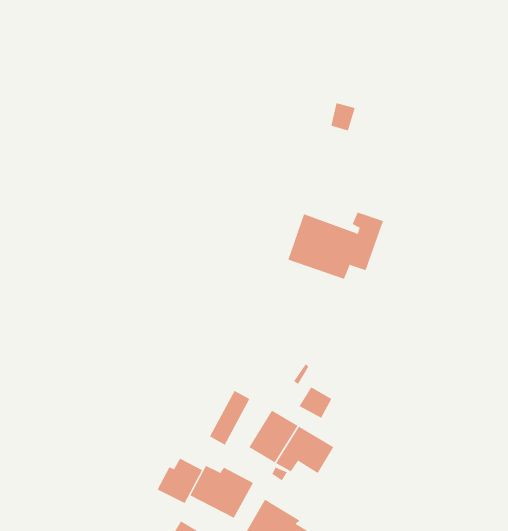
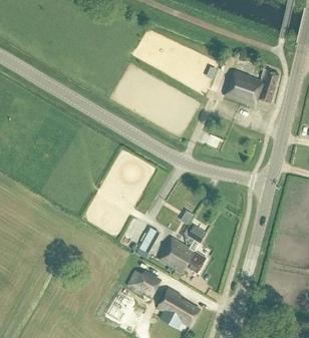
building: [288,212,384,280] -> [224,69,278,107]
building: [157,458,203,504] -> none

